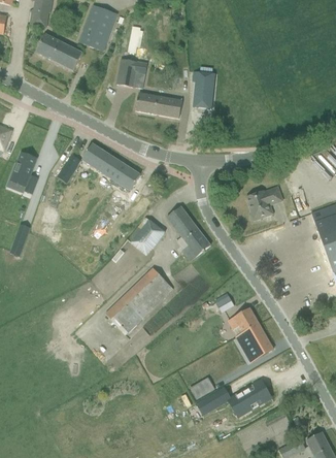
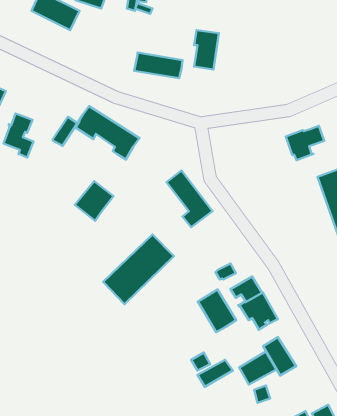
building: [117,58,148,86] -> none
building: [247,186,284,219] -> [286,126,324,160]
building: [128,217,165,255] -> [75,181,113,221]
building: none -> [198,289,236,332]
building: none -> [263,337,296,376]

